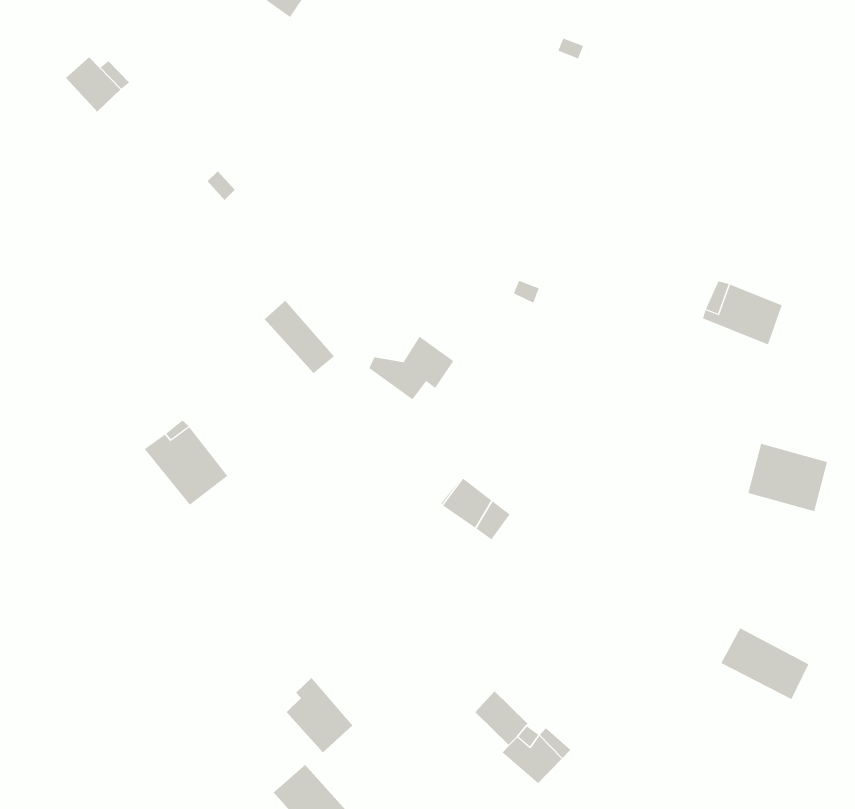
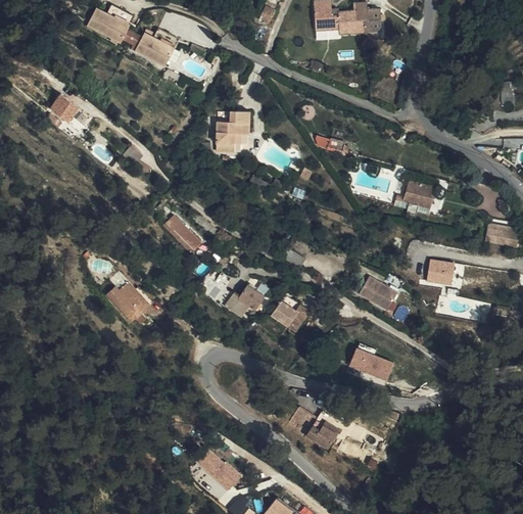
building: none -> [216,110,247,153]
building: [369,336,454,400] -> [215,280,258,314]
building: none -> [354,272,390,303]
building: [720,627,809,700] -> [350,351,396,385]
building: [286,677,353,753] -> none

